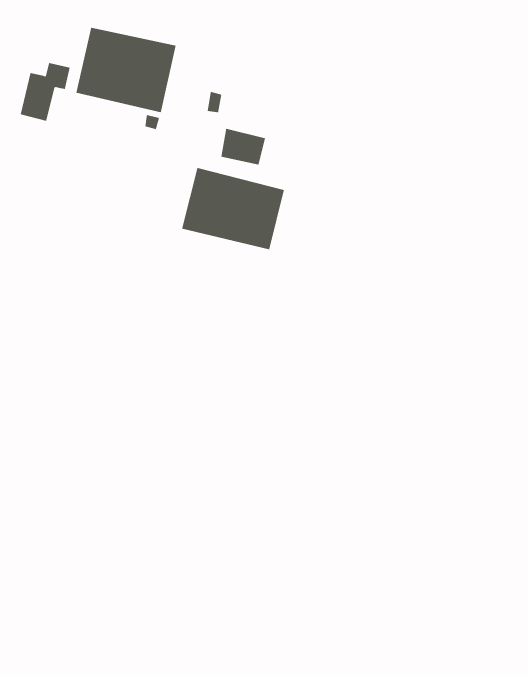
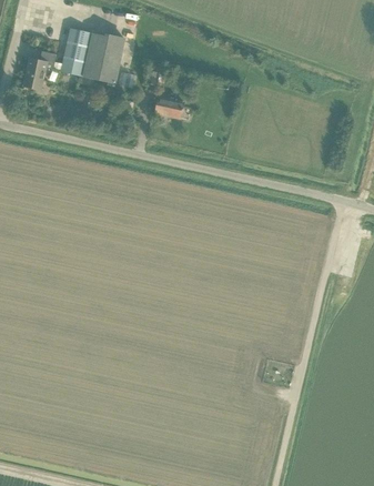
building: [182,167,284,250] -> none

